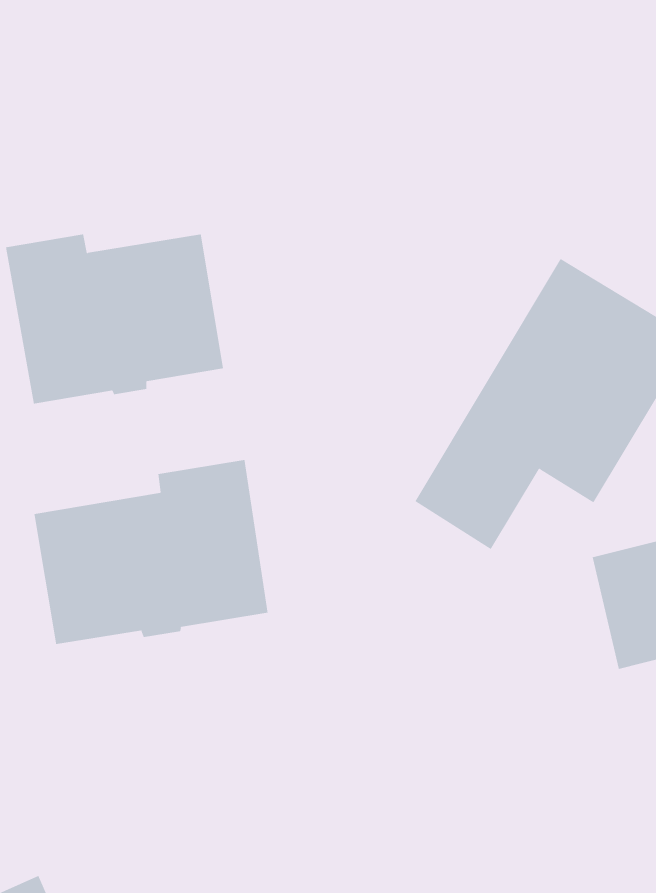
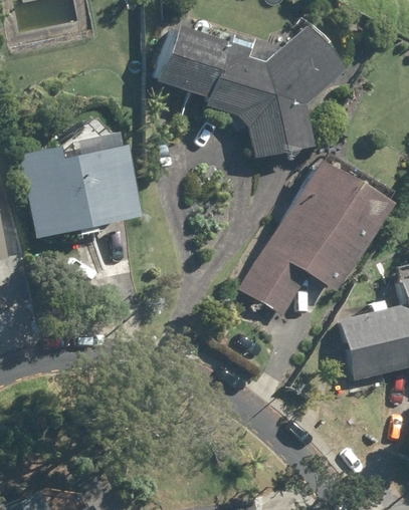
building: none -> [158,24,346,157]
building: [34,459,268,645] -> none

